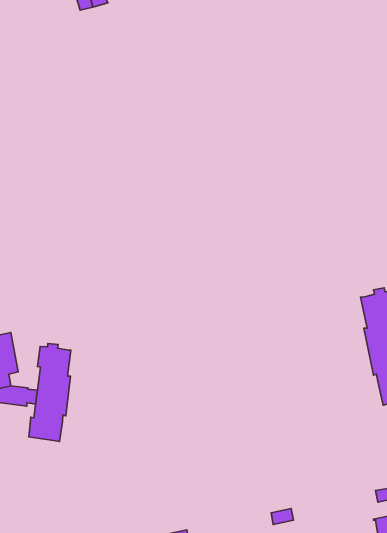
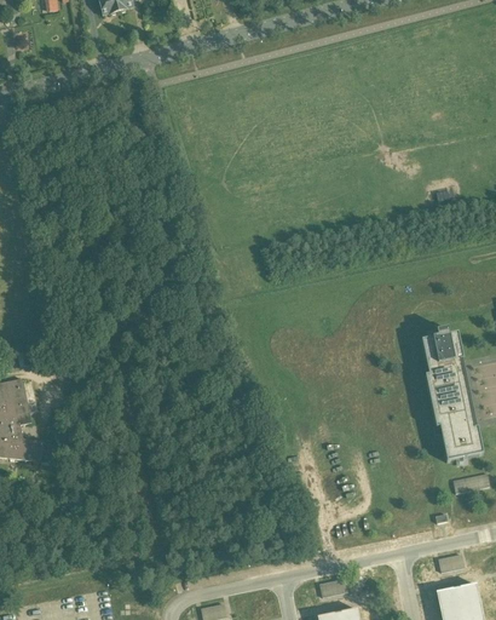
building: [29,343,71,441] -> none

